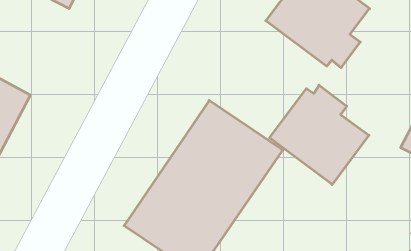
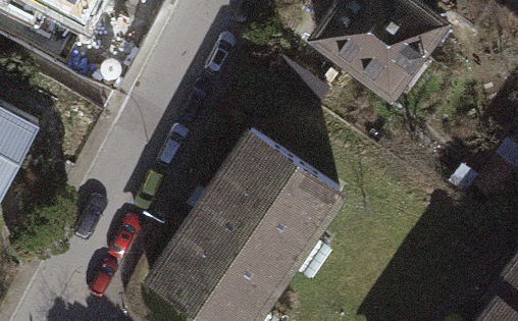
building: [270,85,369,185] -> none

